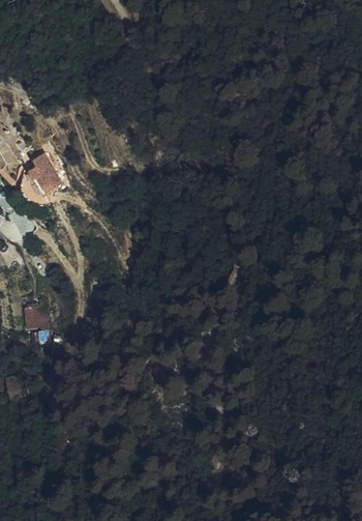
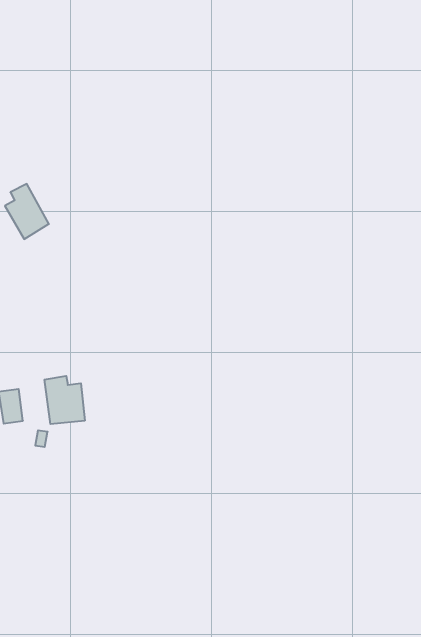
building: none -> [45,376,85,424]

